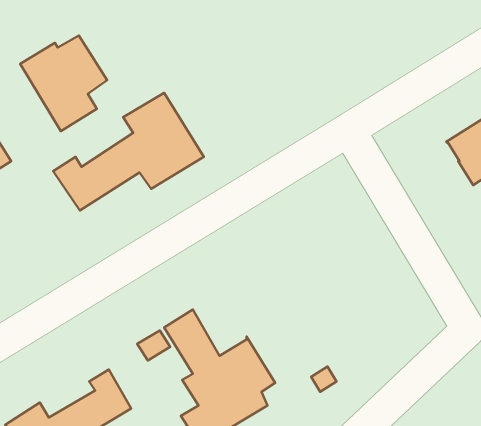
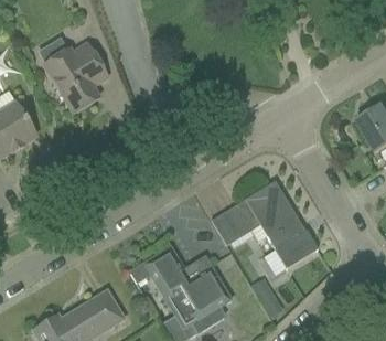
building: [53,93,204,211] -> none
building: none -> [223,180,318,267]

